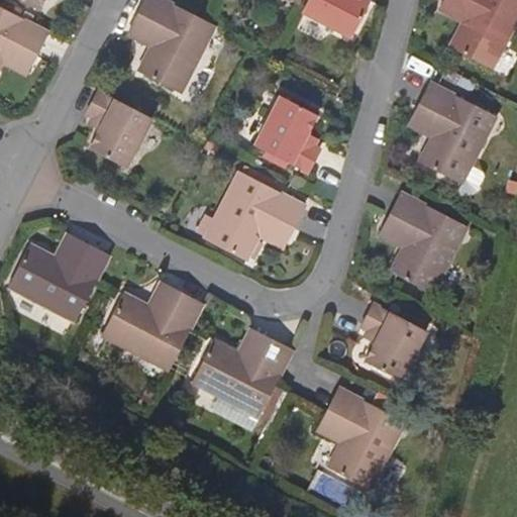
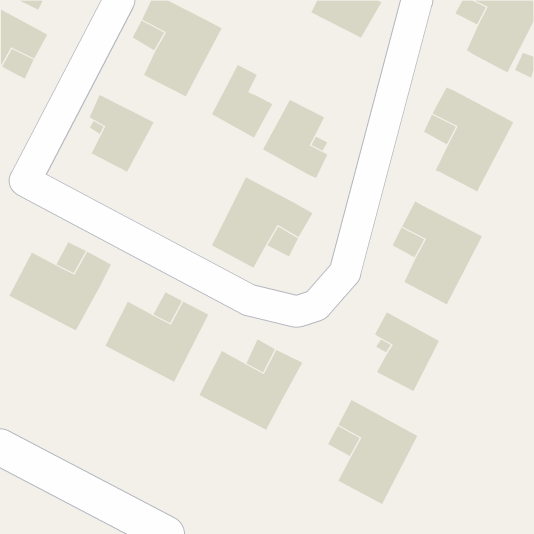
building: none -> [211,64,273,139]

